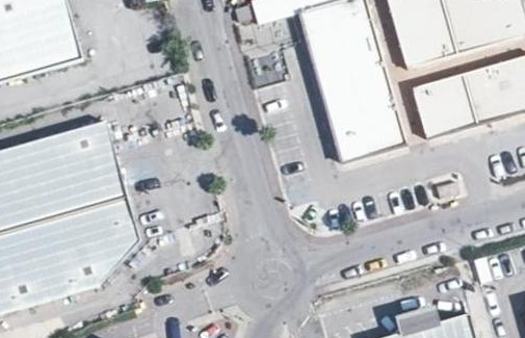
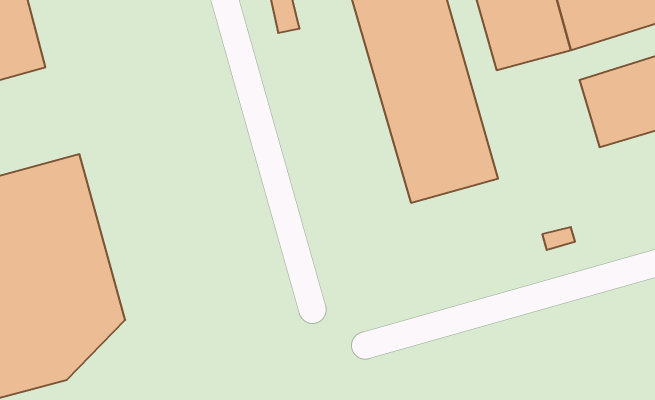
building: [411,72,478,136] -> none

